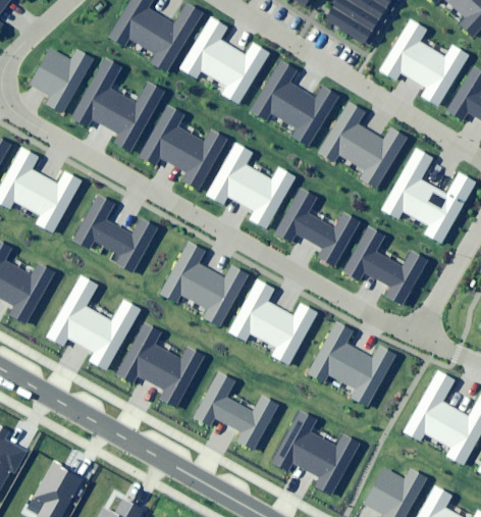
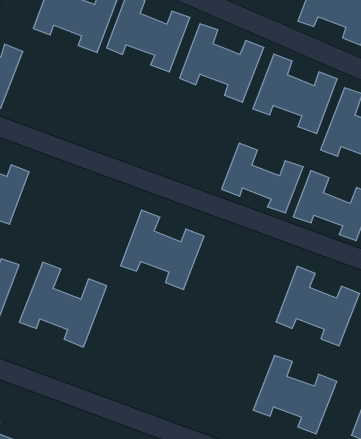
building: [69,57,164,151] -> none
building: [138,104,228,191] -> none
building: [204,141,295,228] -> none
building: [71,195,157,273] -> none
building: [227,276,317,364] -> none
building: [114,319,205,407] -> none
building: [193,371,278,449] -> none

